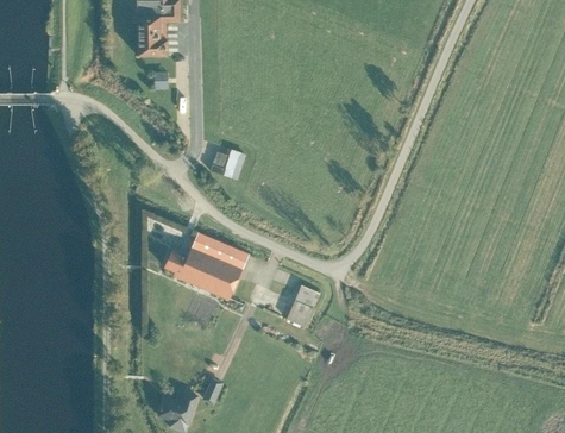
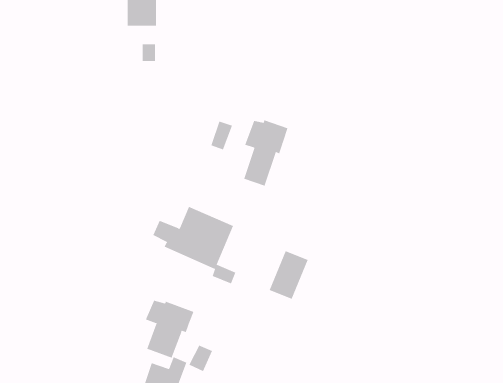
building: none -> [243,120,288,187]
building: none -> [145,300,194,359]

